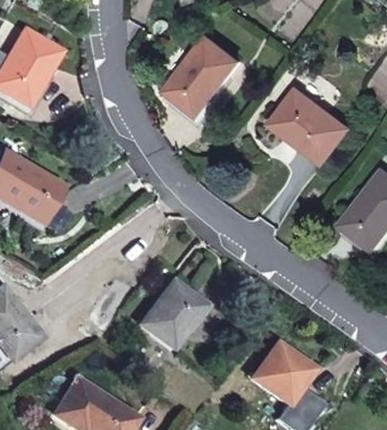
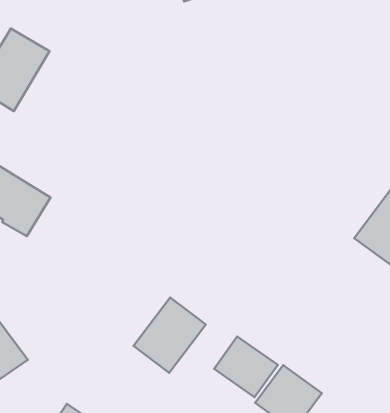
building: [168,35,241,114] -> none
building: [273,88,350,161] -> none
building: none -> [214,336,278,397]

